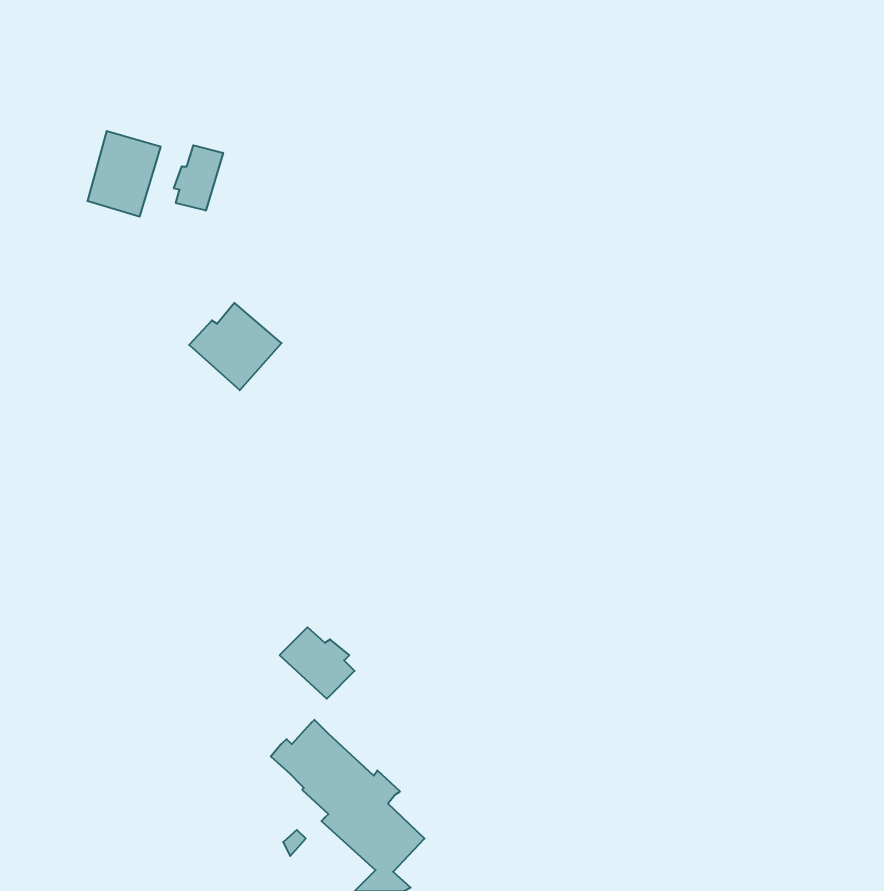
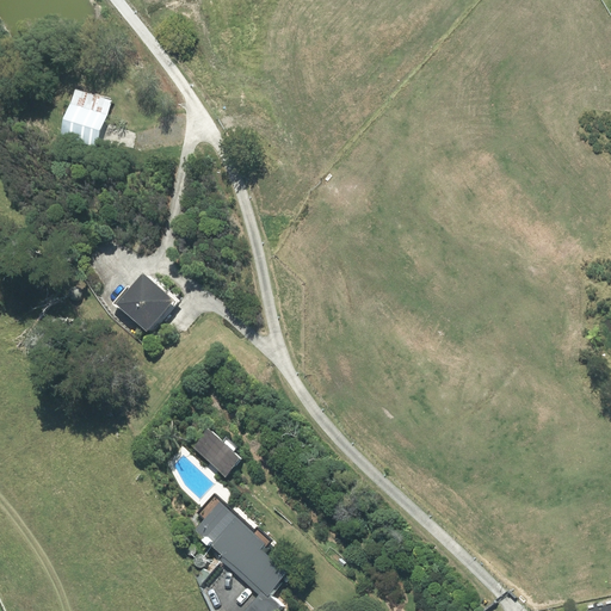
building: [174,145,223,211] -> none
building: [189,303,282,390] -> [115,277,178,337]

